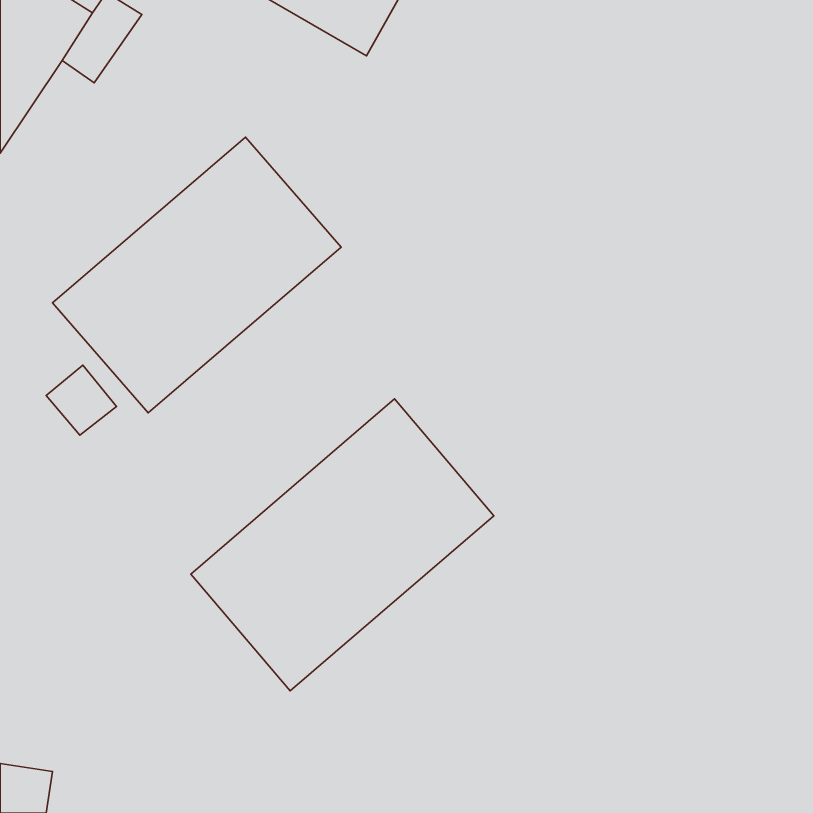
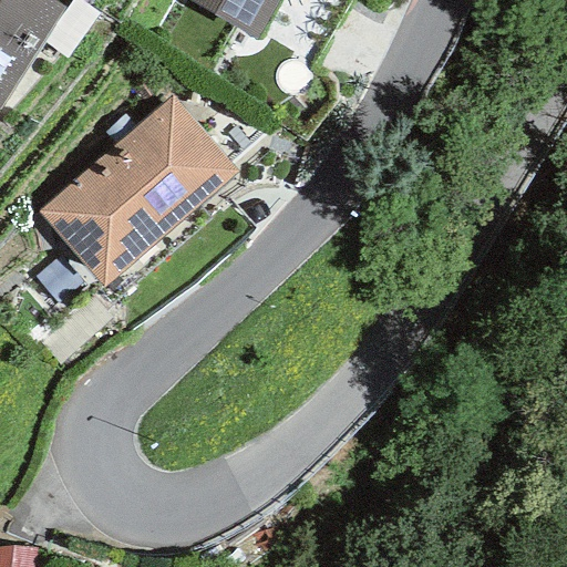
building: [191,399,494,691] -> none

